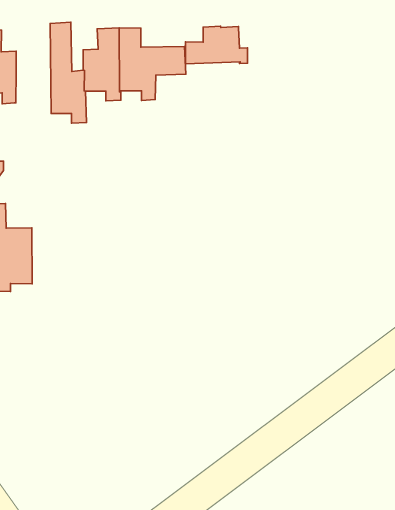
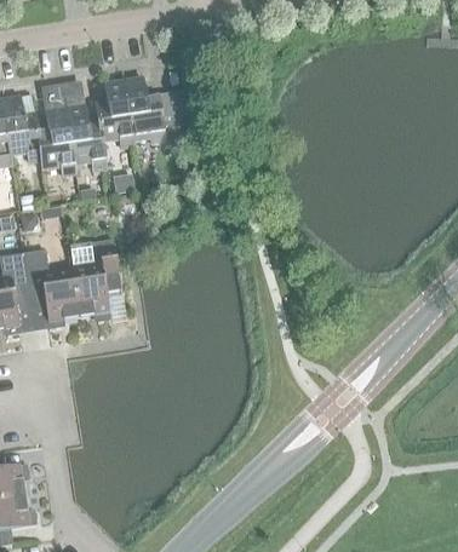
building: none -> [36,84,75,173]
building: [185,26,248,64] -> none
building: none -> [67,238,120,321]

